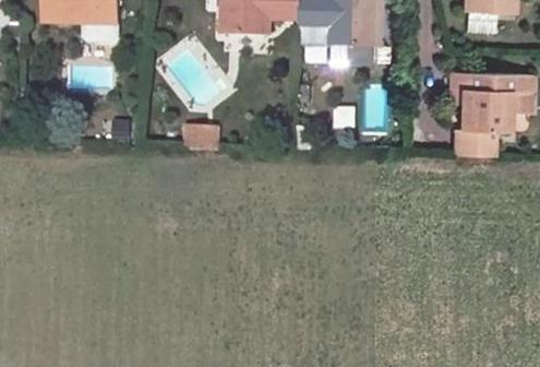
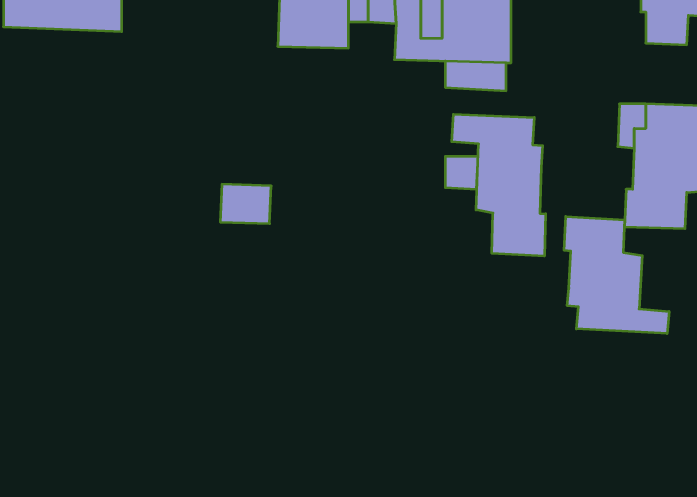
building: none -> [452,114,546,256]
building: none -> [564,216,669,334]

